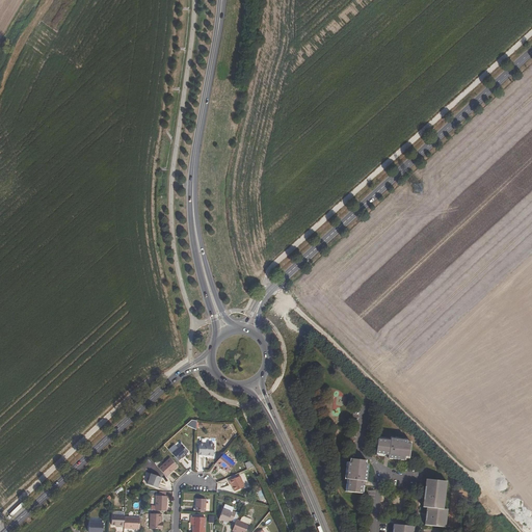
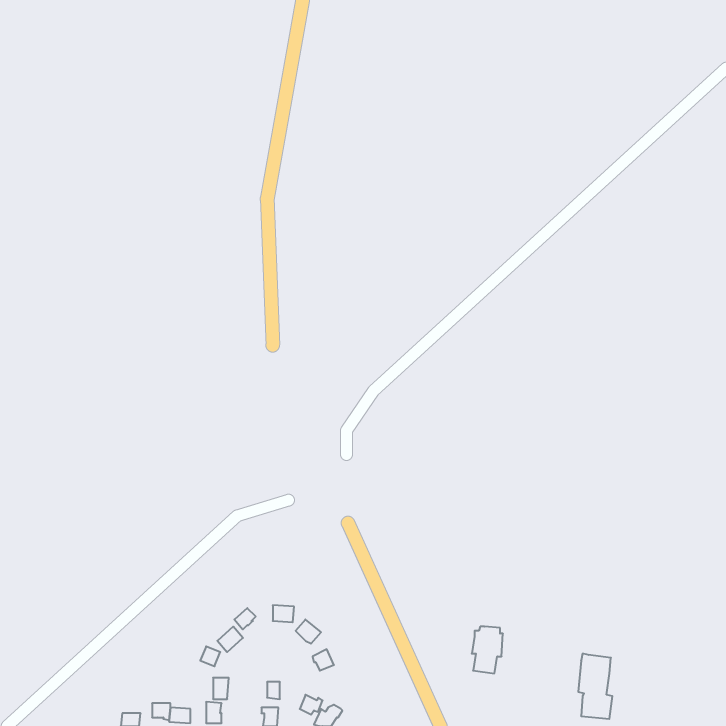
building: [376,437,410,459] -> none

